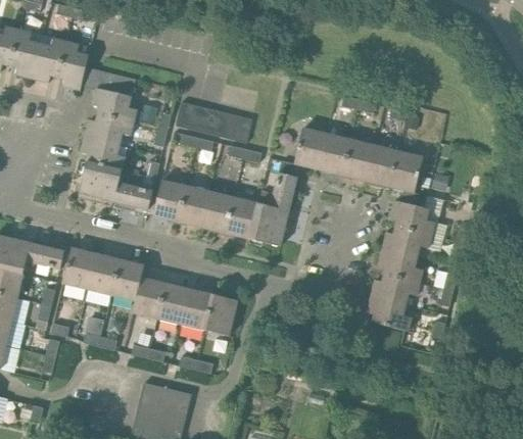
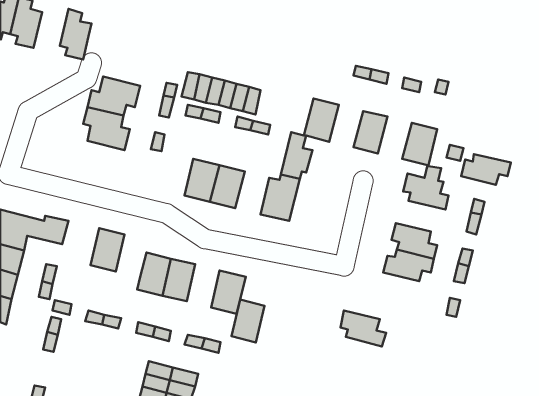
building: [33,38,66,83] -> none
building: [93,70,137,115] -> none
building: [319,134,351,175] -> none
building: [366,145,398,186] -> none
building: [79,168,153,214] -> none
building: [153,180,187,222] -> none
building: [228,198,260,240] -> none
building: [383,227,431,256] -> [461,154,511,185]
building: [63,247,96,289] -> none
building: [112,259,144,300] -> none
building: [181,288,212,330] -> [232,299,264,343]
building: [368,296,412,331] -> [341,311,386,346]

